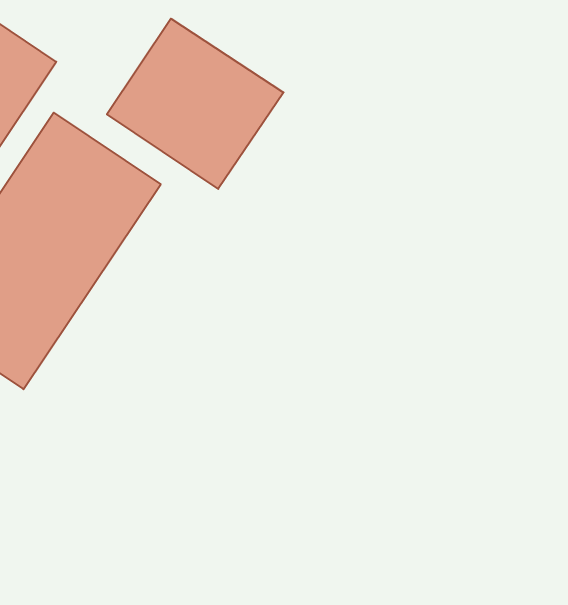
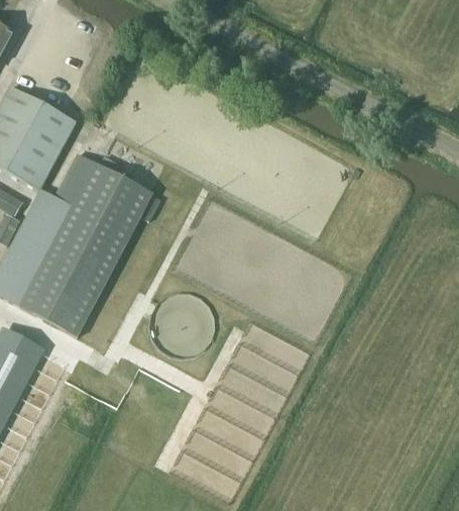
building: [107,19,284,189] -> none

